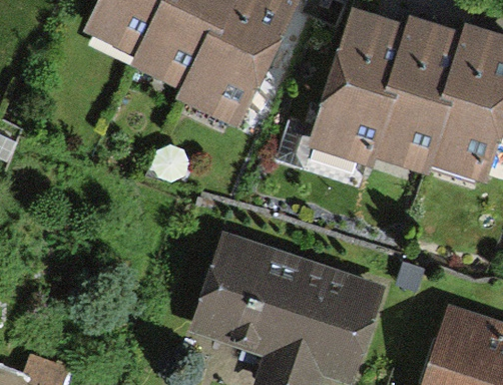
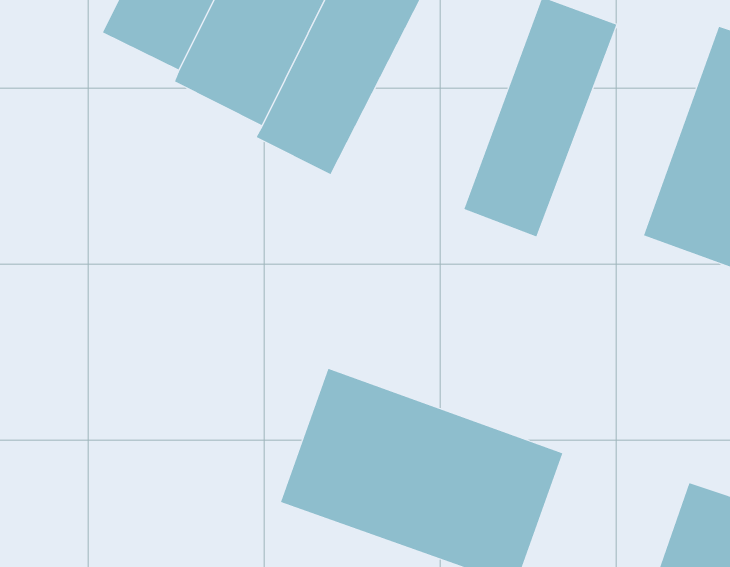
building: [368,22,467,168] -> none

